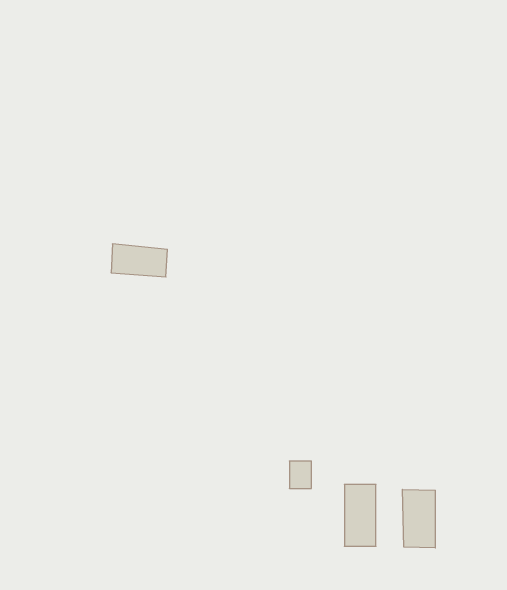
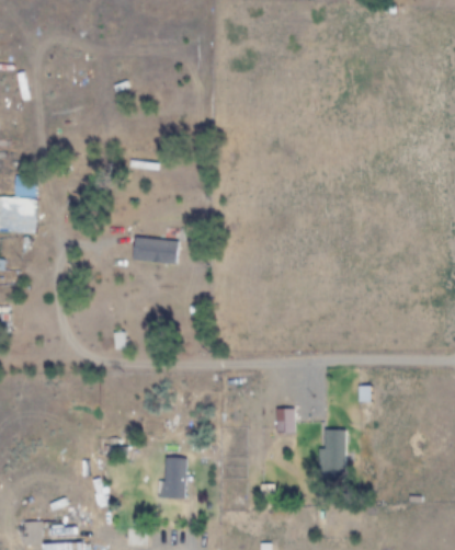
building: [402,489,435,548] -> none
building: none -> [158,458,185,497]

